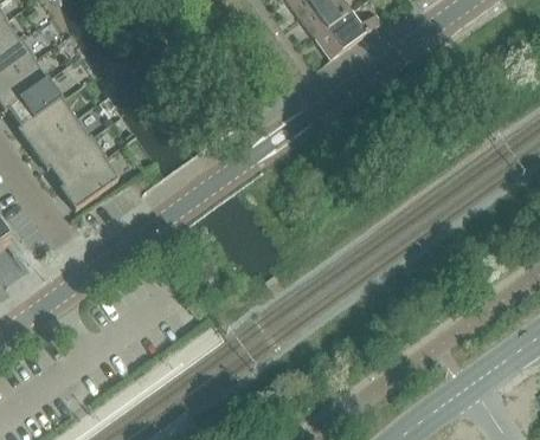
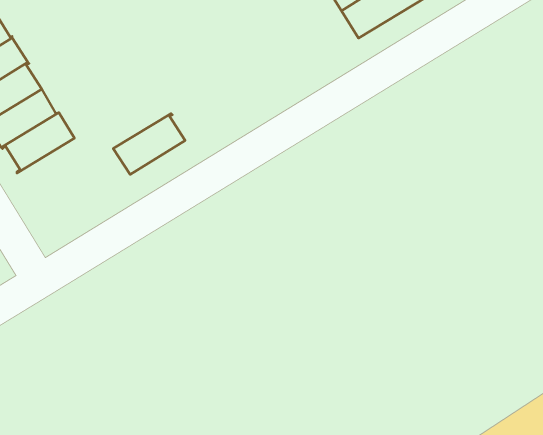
building: [59,153,117,205] -> [113,113,185,174]

